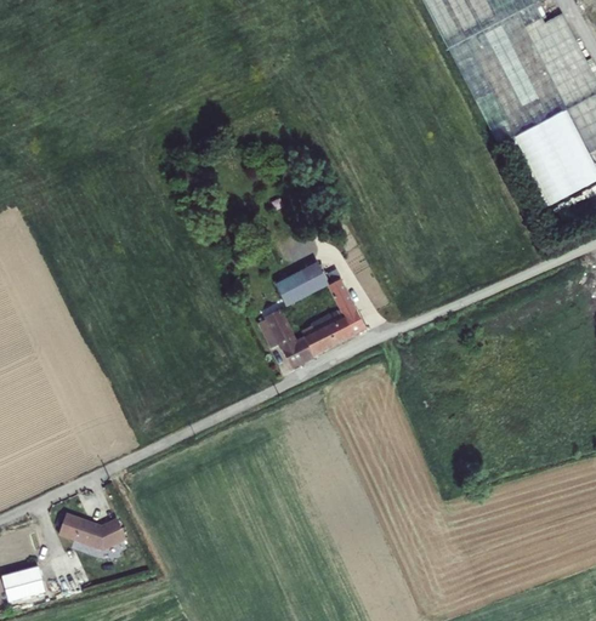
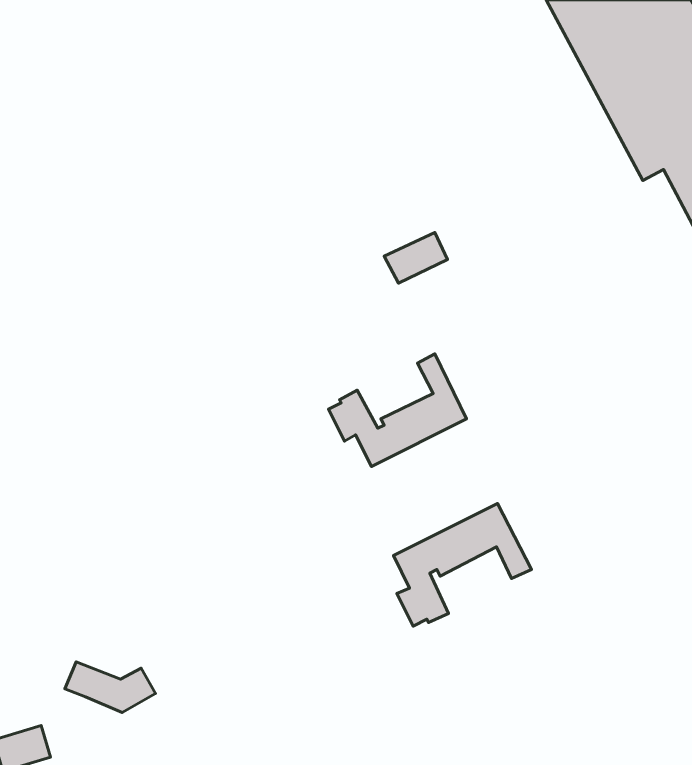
building: [279,263,328,302] -> [384,232,448,283]
building: none -> [393,503,531,626]

